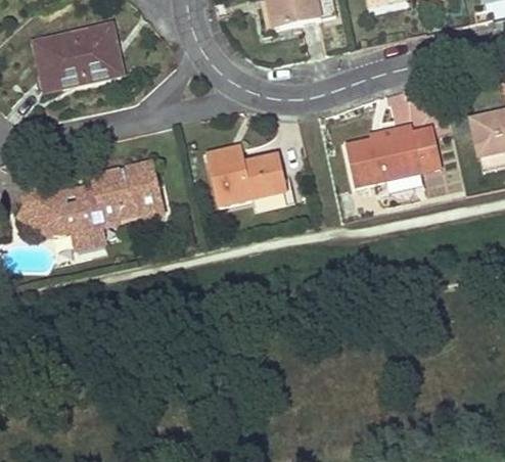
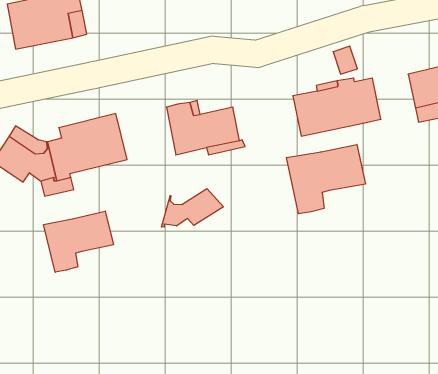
building: none -> [287,144,365,214]
building: none -> [161,189,223,227]
building: none -> [44,211,114,272]

